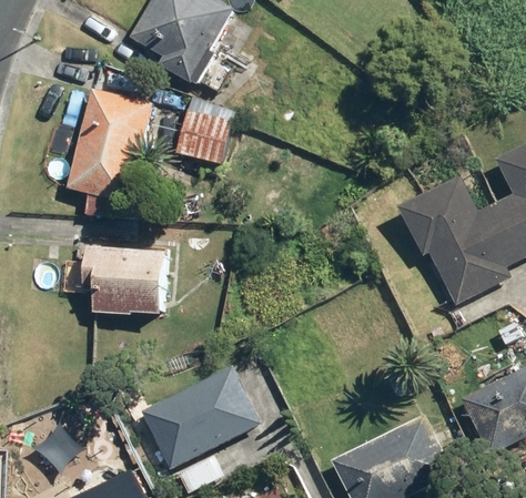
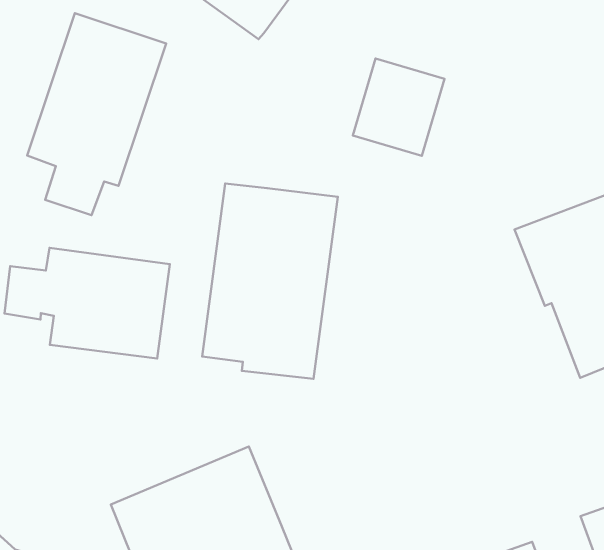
building: [178,99,236,162] -> [353,58,445,156]
building: none -> [202,183,338,379]

